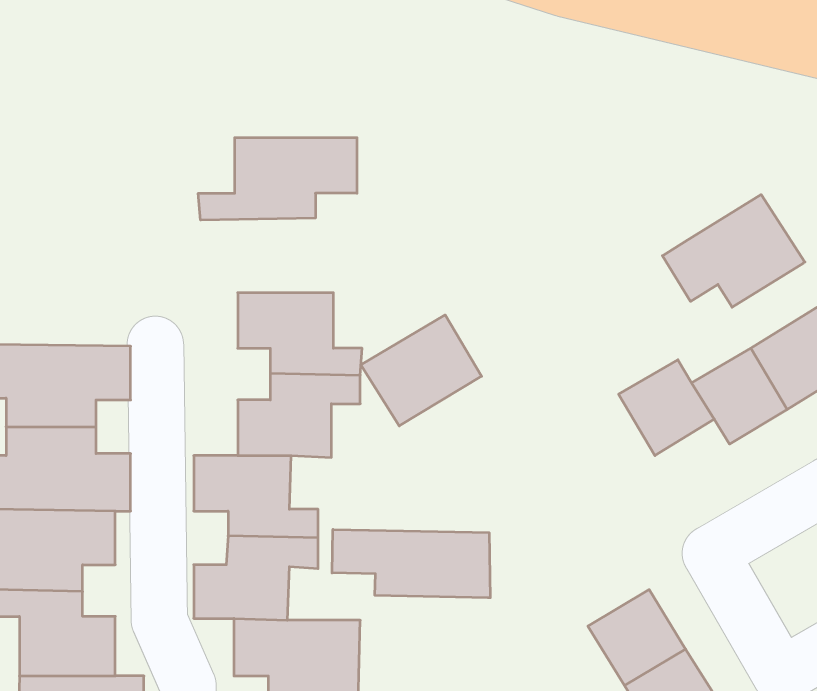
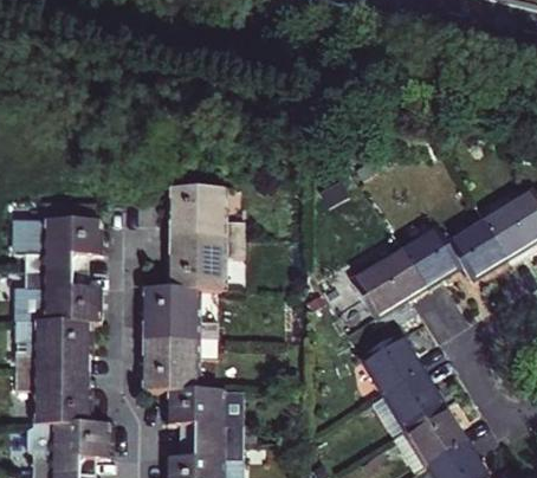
building: [198,138,357,220] -> none
building: [662,195,805,307] -> none
building: [361,315,482,426] -> [351,248,426,317]
building: [332,529,490,598] -> none
building: none -> [363,334,422,392]

